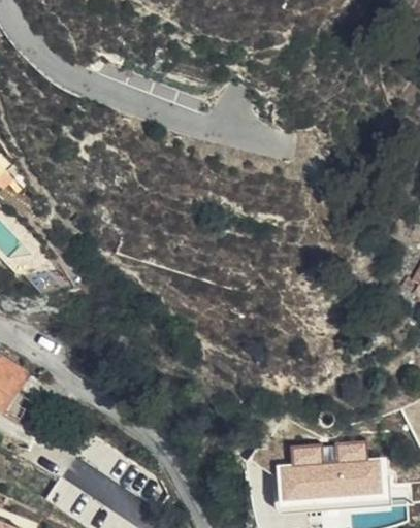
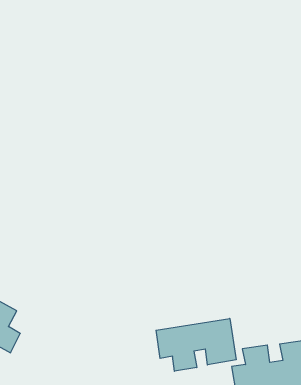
building: none -> [156,318,236,371]

